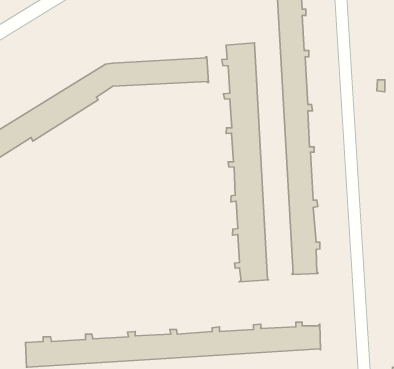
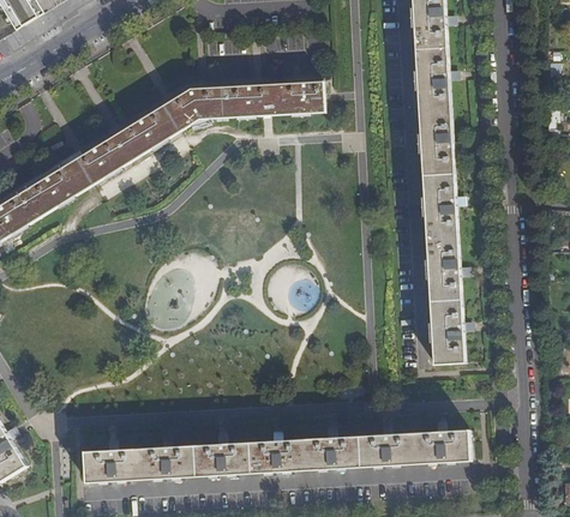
building: [222,43,269,282] -> none

